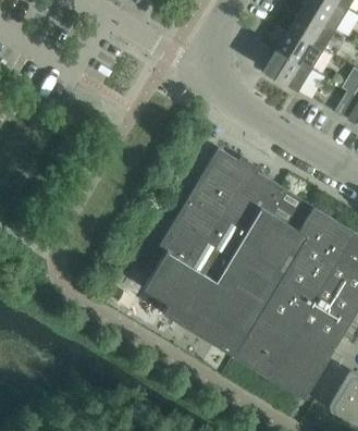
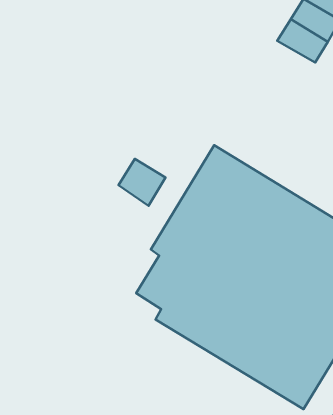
building: [264,50,313,93] -> none
building: none -> [119,159,166,206]

